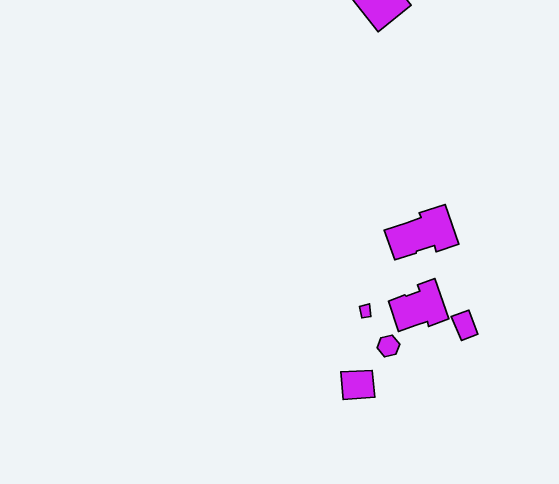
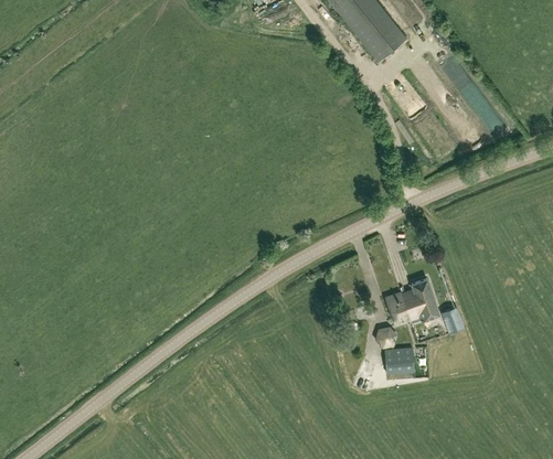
building: [384,205,459,260] -> none
building: [341,371,375,400] -> [384,348,414,373]

